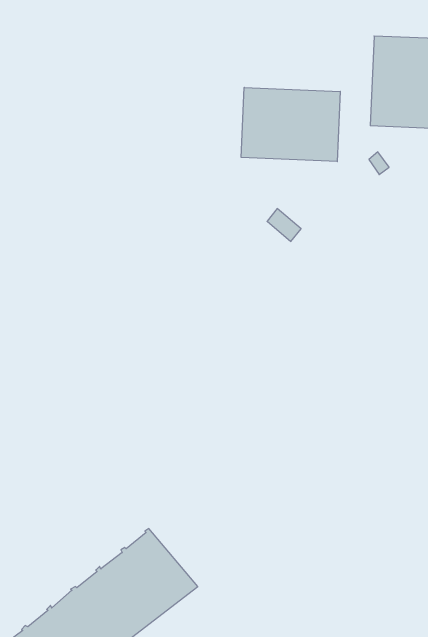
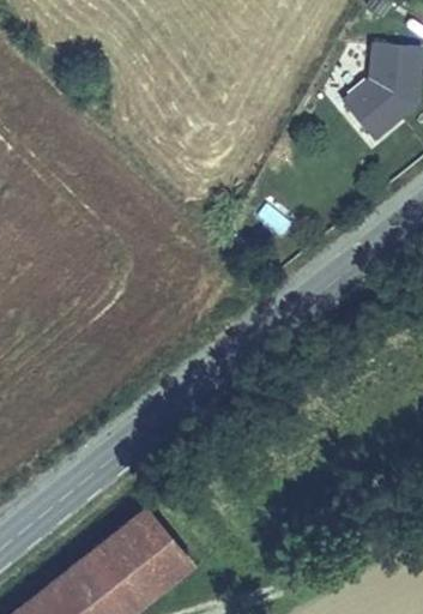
building: [241,87,340,162] -> none

